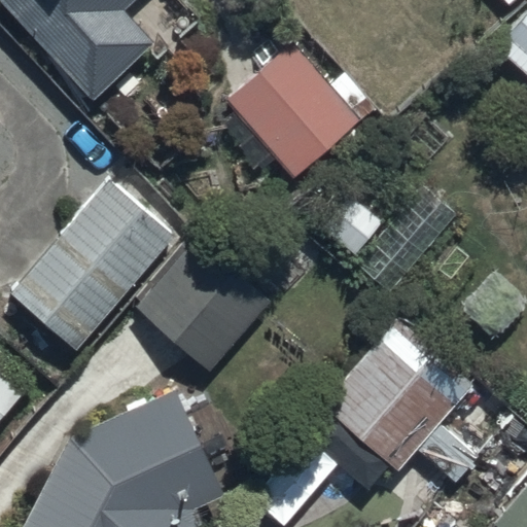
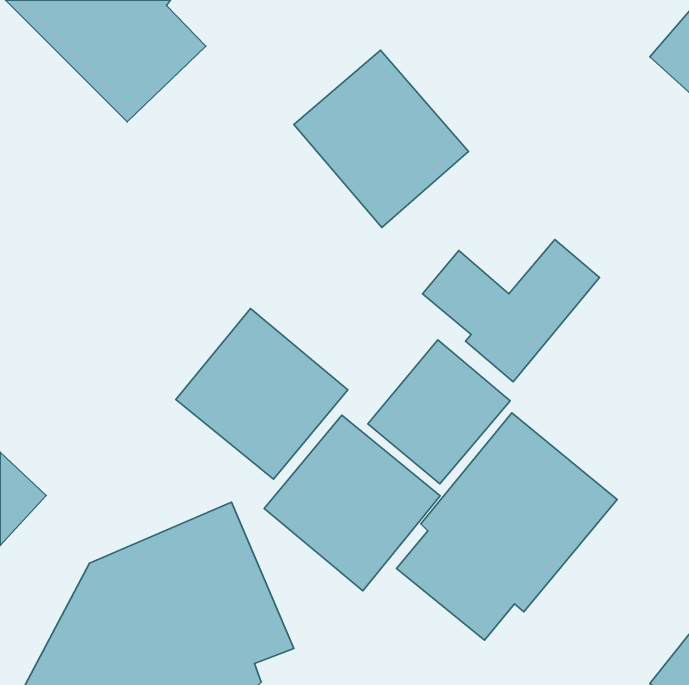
building: [8,178,177,354] -> none
building: none -> [368,340,510,484]
building: none -> [264,415,440,591]

